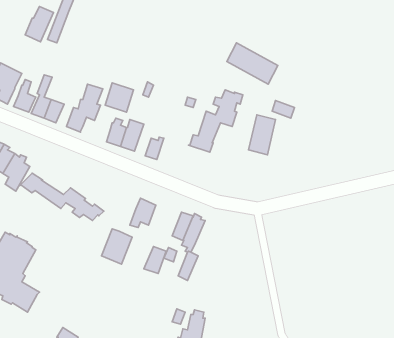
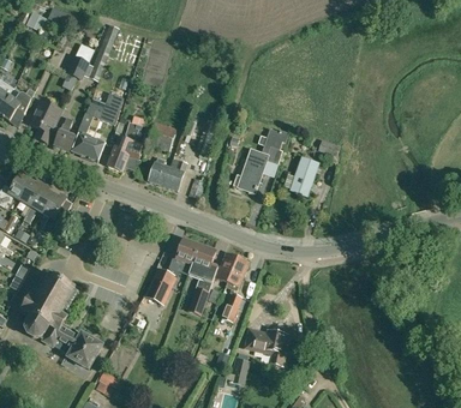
building: [227,43,278,84] -> none
building: none -> [85,92,122,122]
building: [20,173,104,220] -> none
building: none -> [188,245,220,283]
building: none -> [246,328,288,365]
building: none -> [67,332,101,368]

